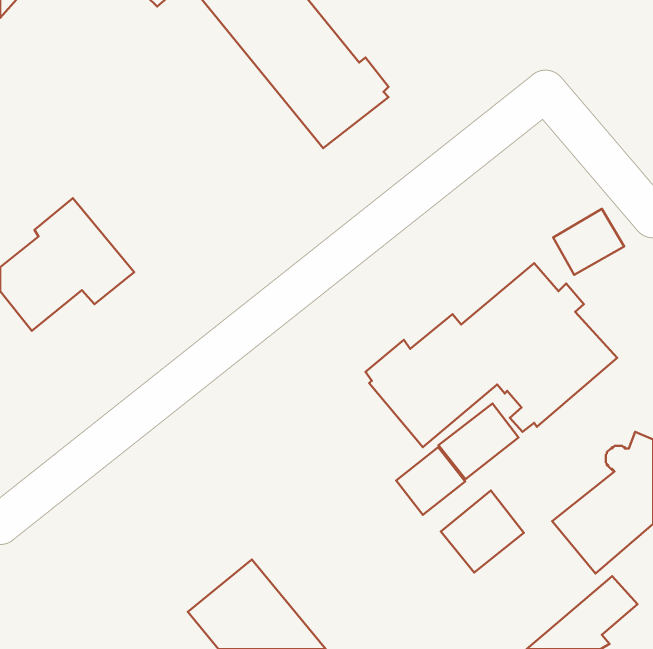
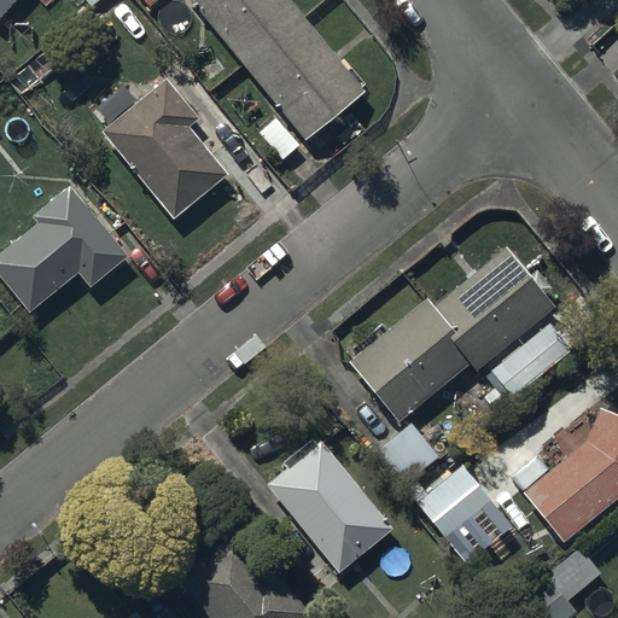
building: none -> [101,78,227,218]
building: [553,209,624,275] -> none
building: [438,403,519,479] -> none
building: none -> [264,438,396,575]

